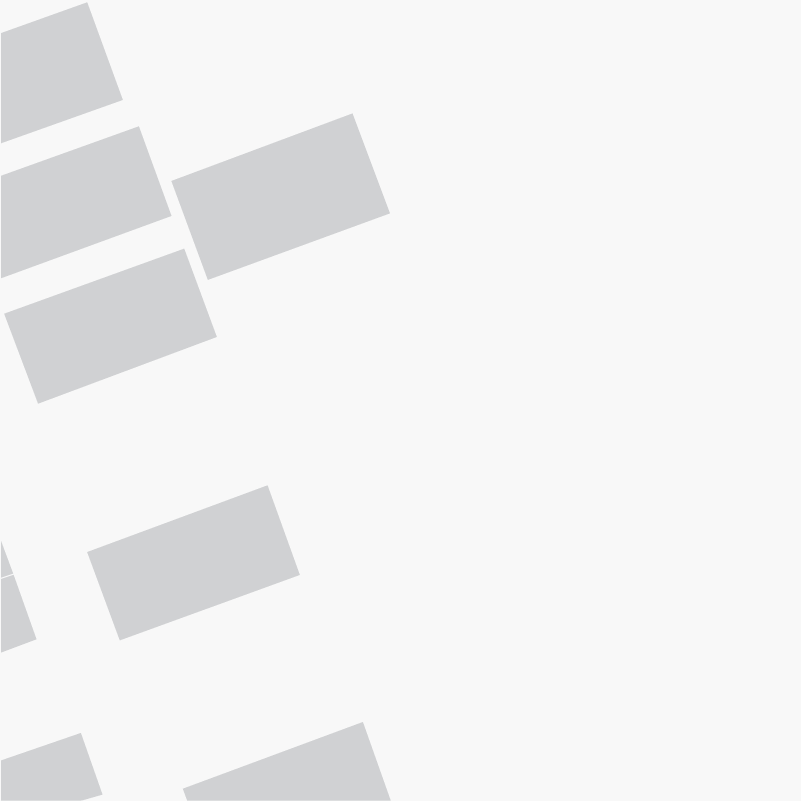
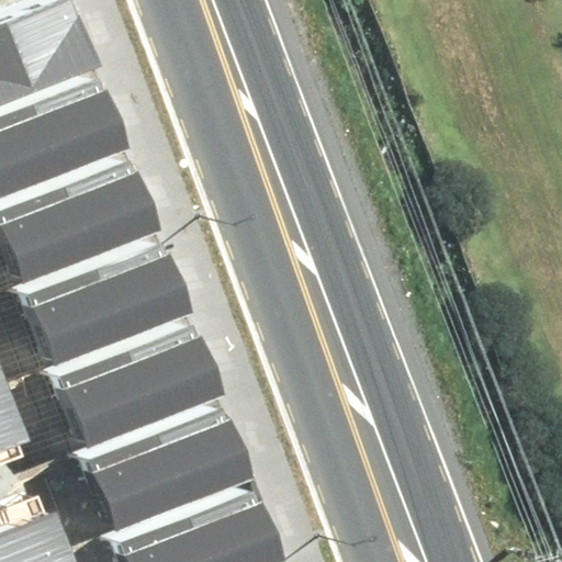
building: [171,112,391,281] -> none
building: none -> [34,257,184,367]
building: none -> [94,423,245,532]

